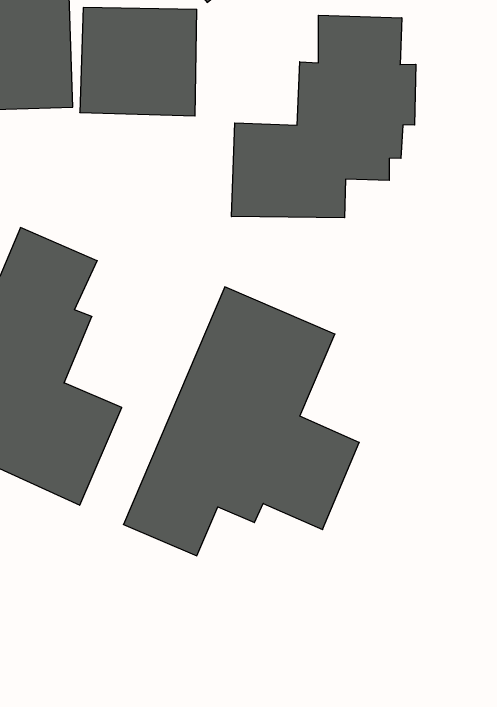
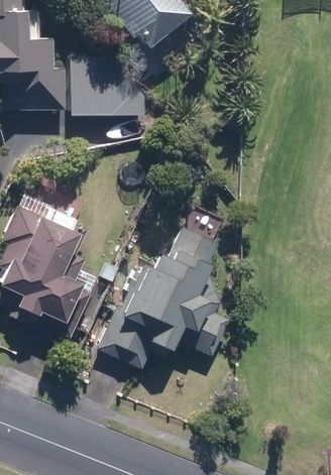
building: [232,15,416,218] -> none

